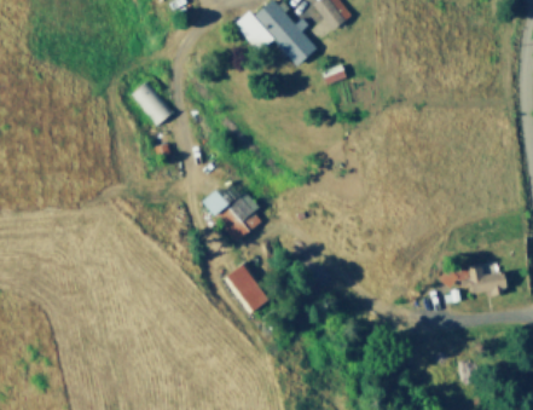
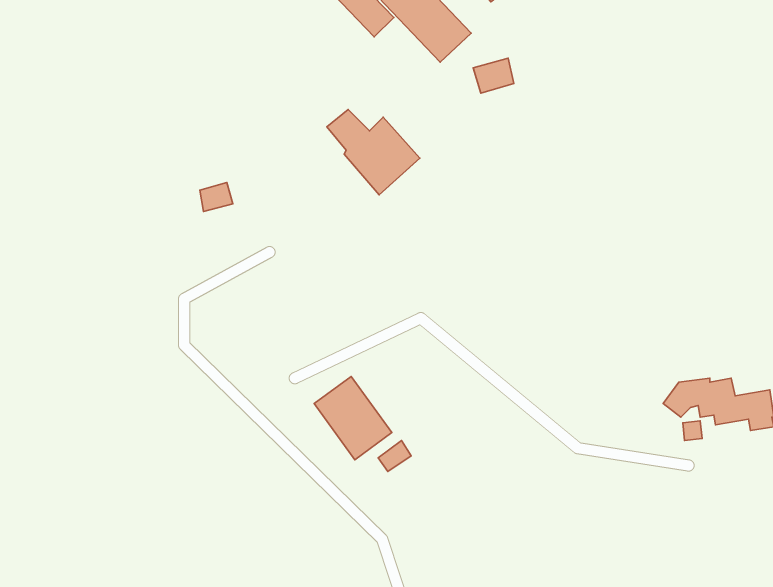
building: [131,81,173,126] -> none
building: [203,190,261,243] -> [327,110,420,195]

